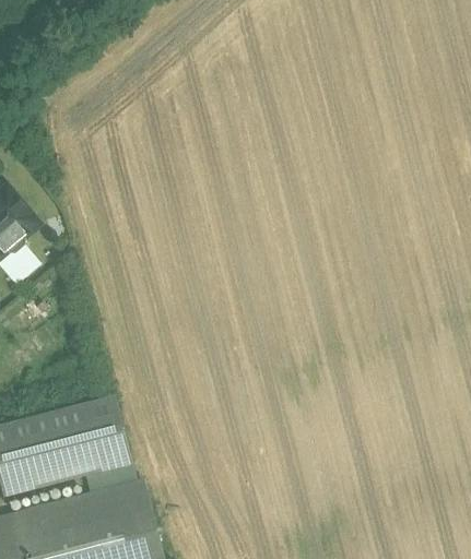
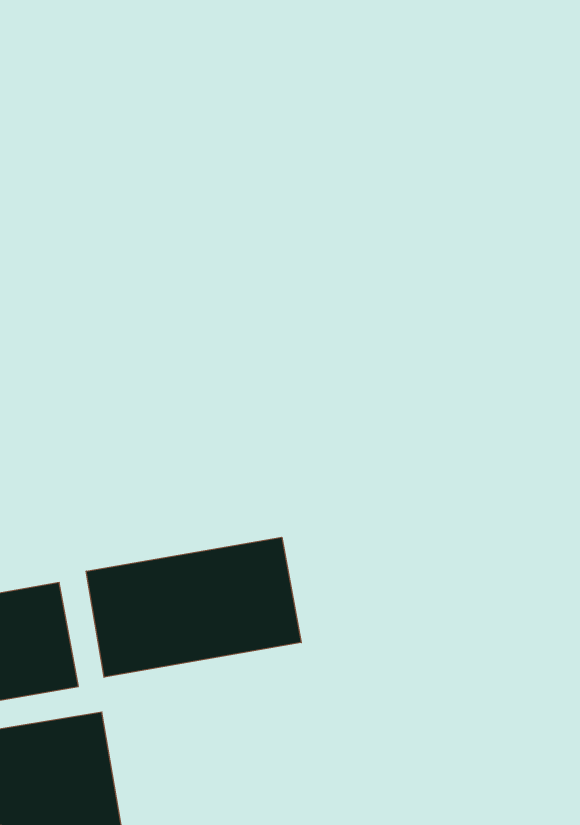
building: none -> [86,537,301,677]

